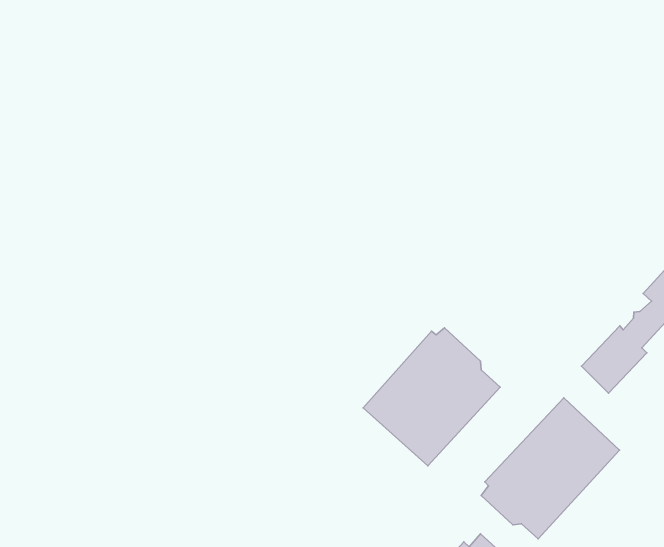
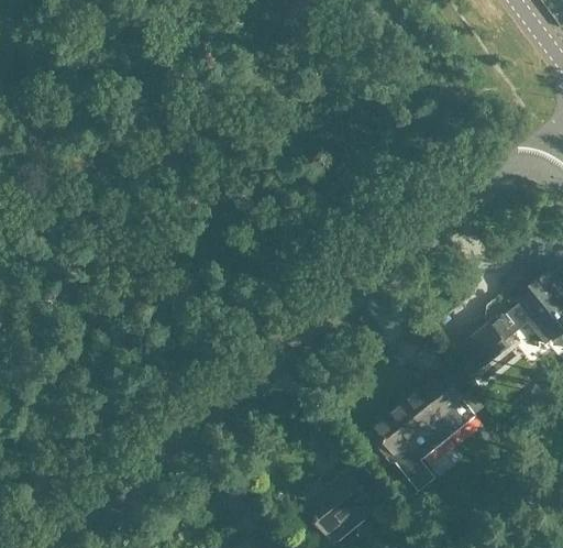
building: [363,328,500,466] -> none

